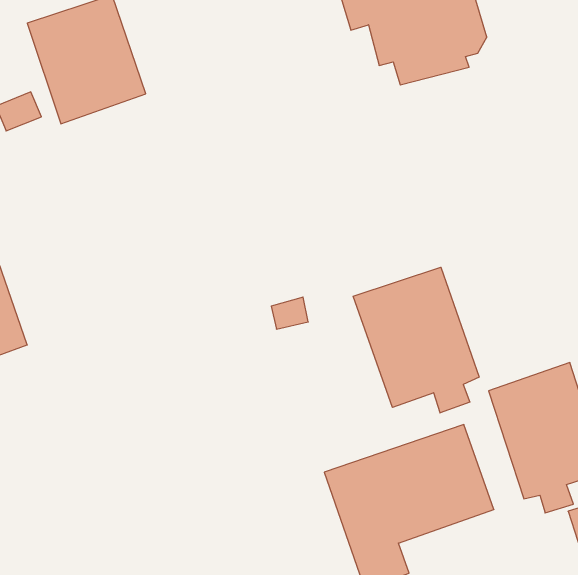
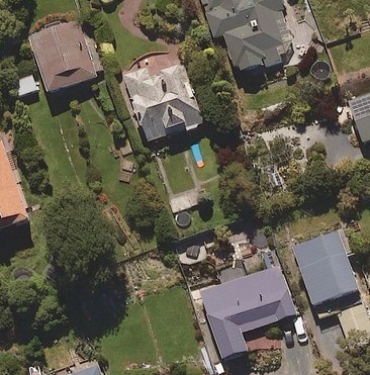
building: none -> [124,65,204,143]
building: [353,267,479,413] -> none

